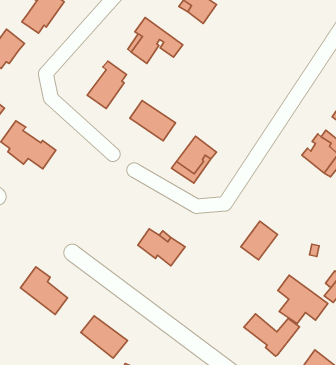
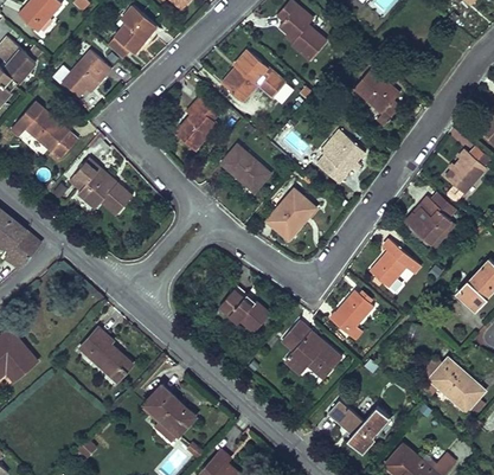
building: none -> [349,70,398,131]
building: none -> [314,136,364,185]
building: none -> [370,240,418,289]
building: [278,275,328,324] -> [284,321,340,377]

